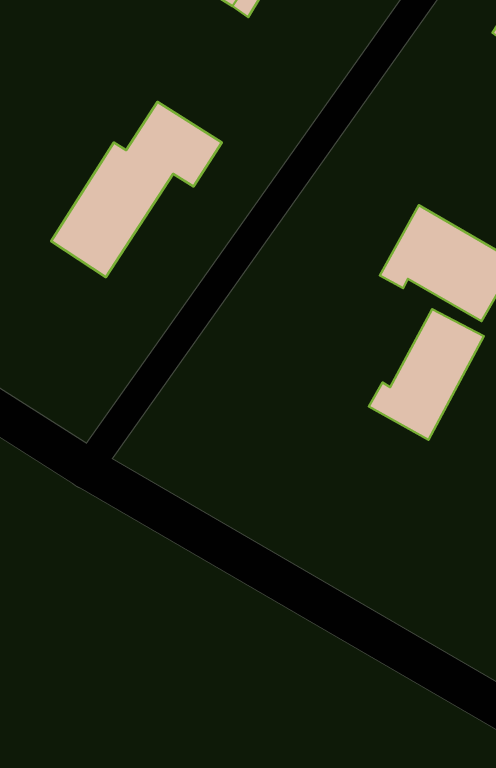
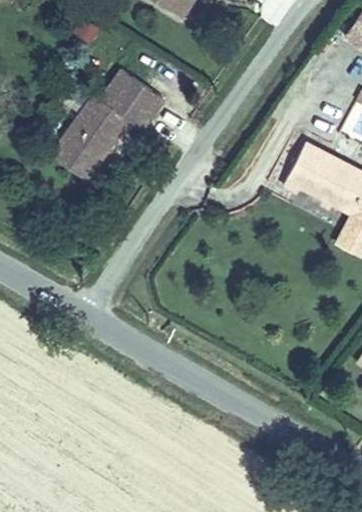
building: [369,309,484,440] -> none

